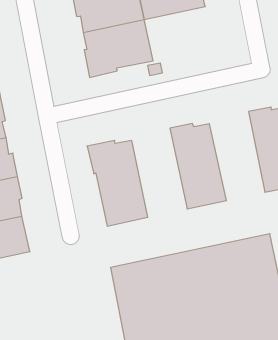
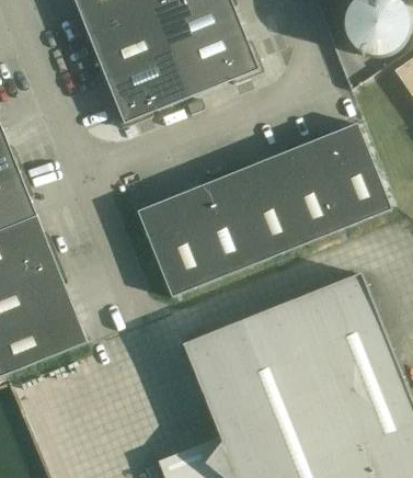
building: none -> [171,23,262,96]
building: none -> [267,136,345,243]
building: none -> [181,171,259,278]

